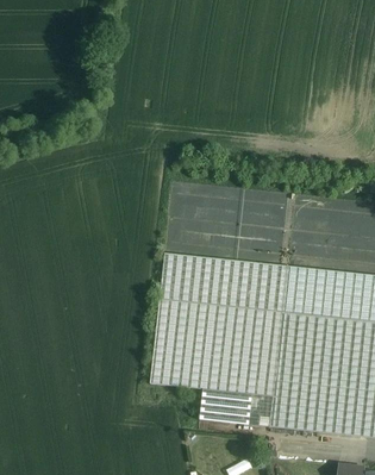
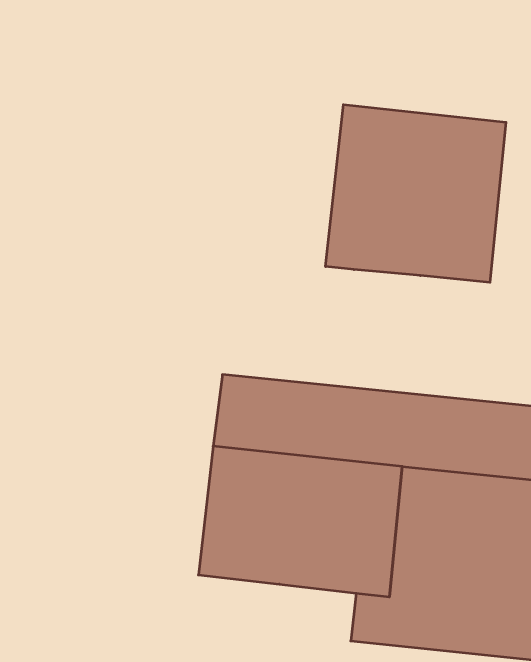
building: none -> [326,105,506,282]
building: [200,388,252,425] -> none

